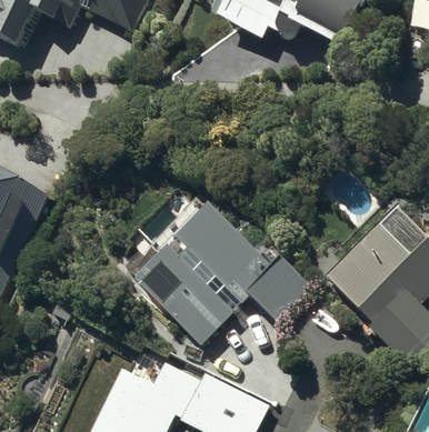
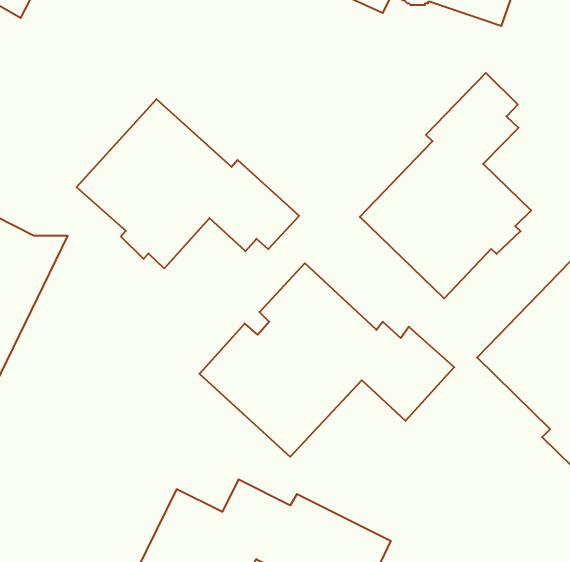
building: none -> [360,73,531,299]
building: none -> [77,99,299,268]

